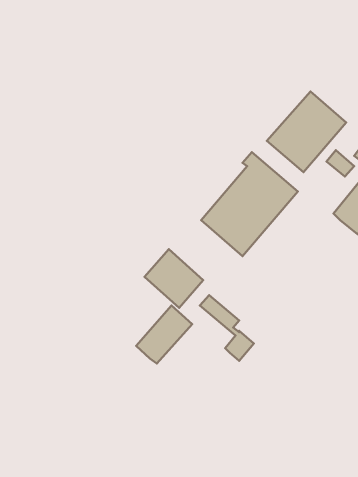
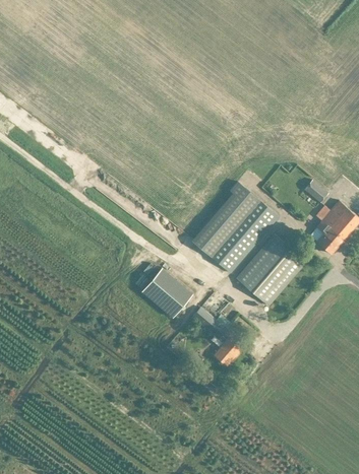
building: [267,91,346,172] -> [234,234,304,306]
building: [136,305,192,363] -> none

